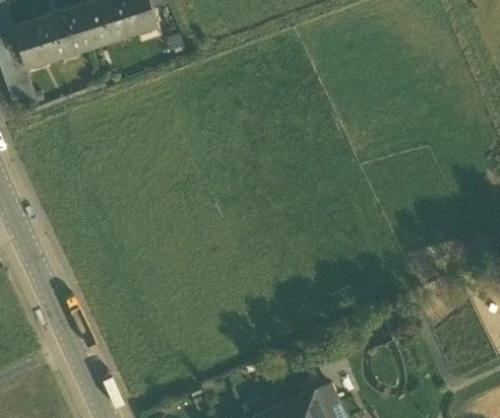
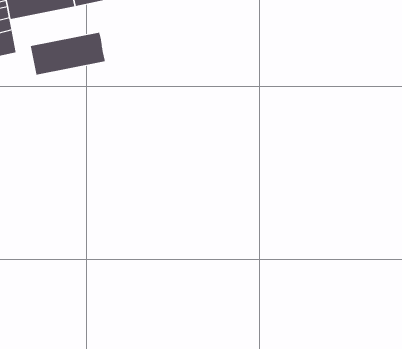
building: none -> [30,32,105,76]

